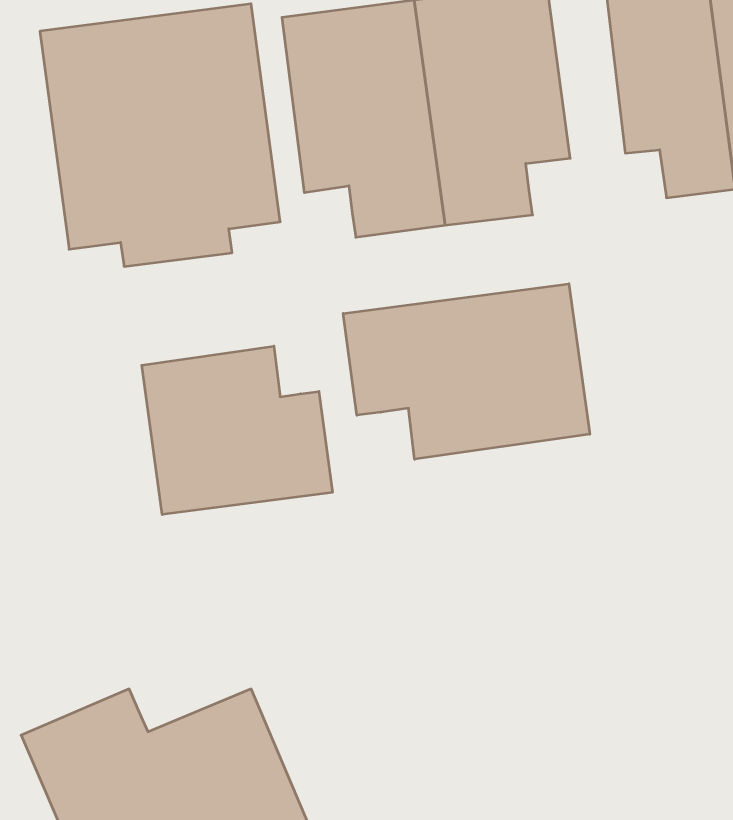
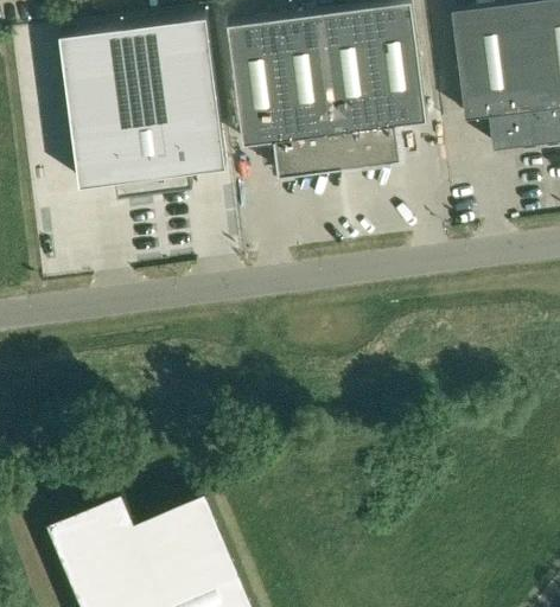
building: [343,284,590,459] -> none
building: [142,346,332,515] -> none

